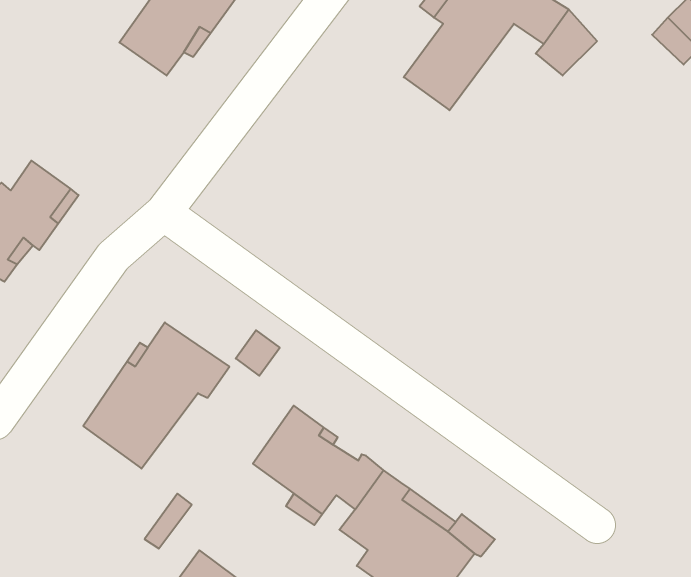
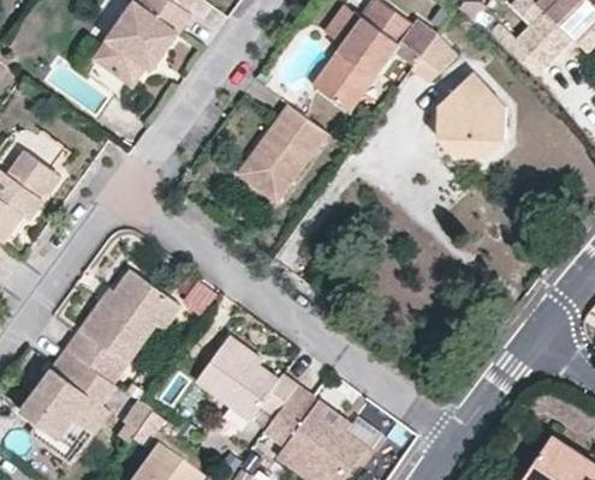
building: none -> [440,70,510,155]
building: none -> [238,104,327,202]
building: none -> [19,350,113,439]

